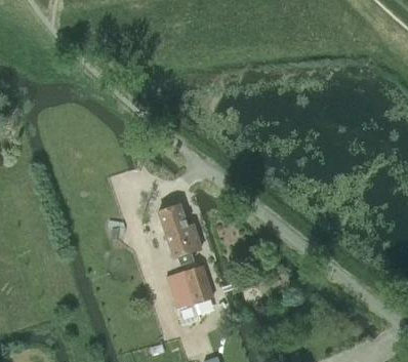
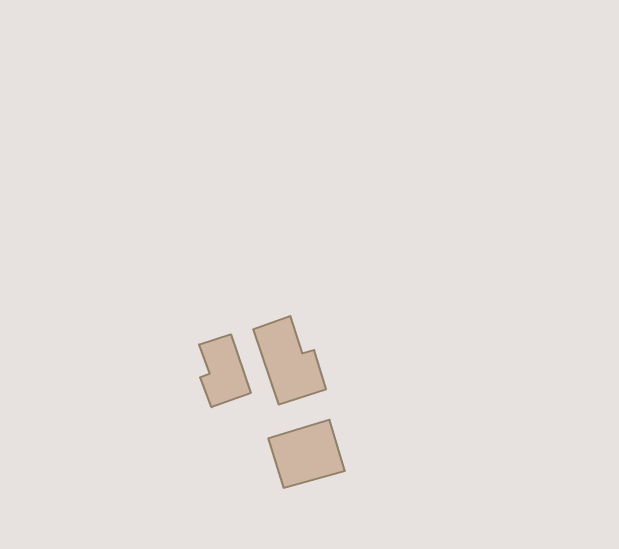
building: none -> [199,334,251,407]

